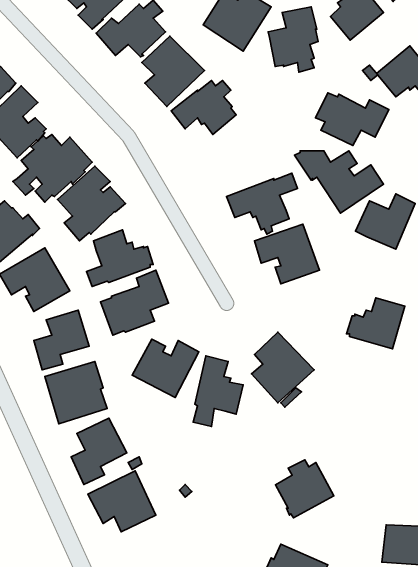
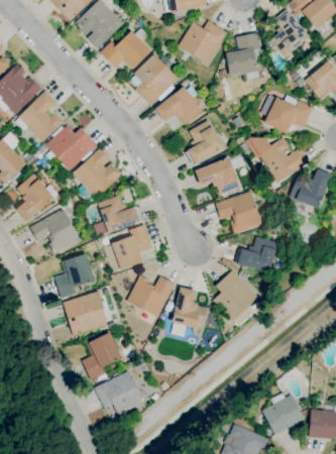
building: none -> [186,119,224,164]
building: [347,298,405,349] -> [235,236,277,273]
building: [276,460,334,518] -> [261,392,304,435]

